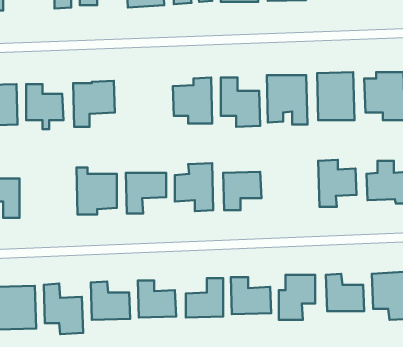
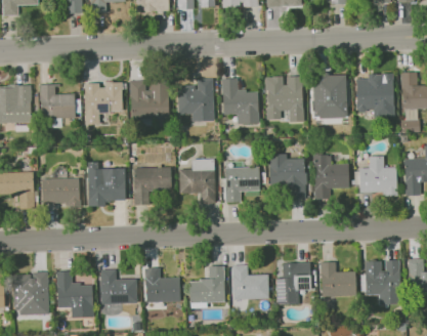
building: none -> [130,80,169,126]
building: none -> [268,154,305,199]
building: none -> [41,177,80,205]

